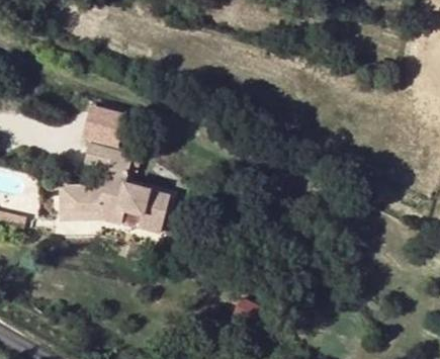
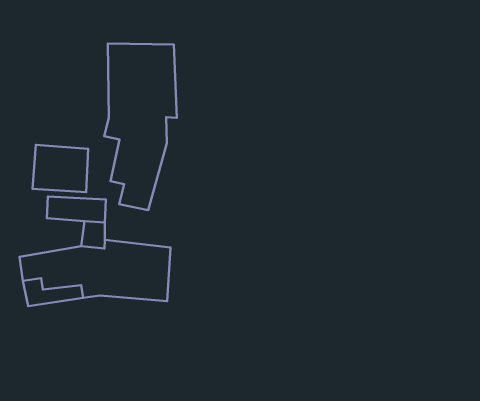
building: none -> [104,43,177,210]

